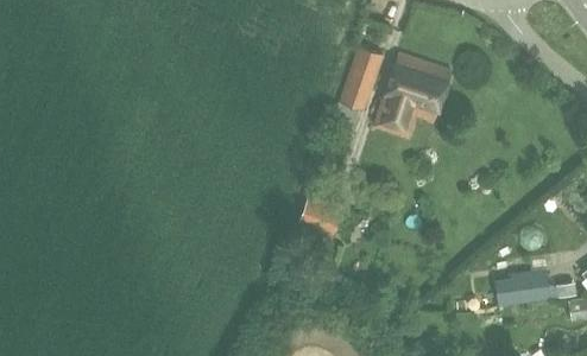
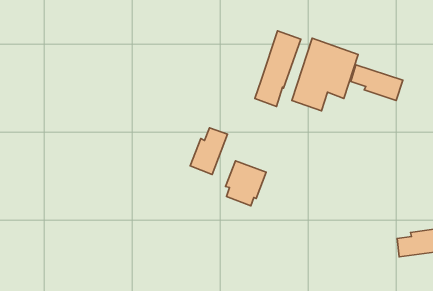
building: none -> [351,65,403,100]
building: none -> [190,128,227,174]

